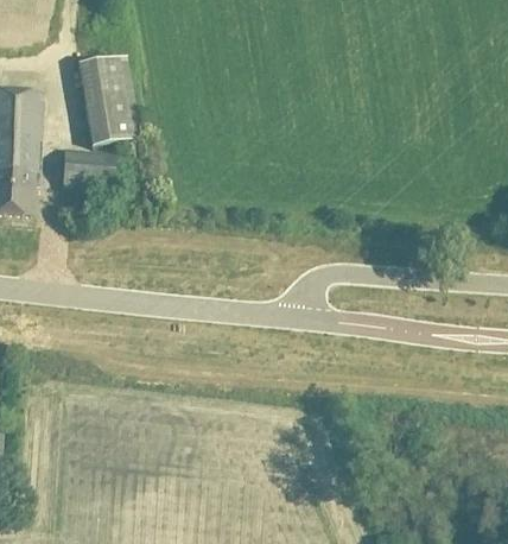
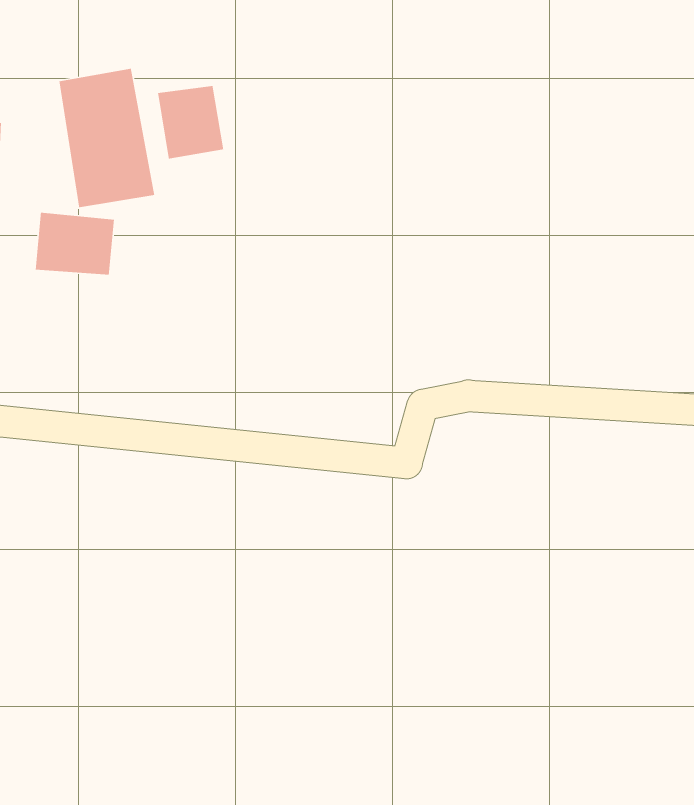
building: none -> [157,85,224,159]

